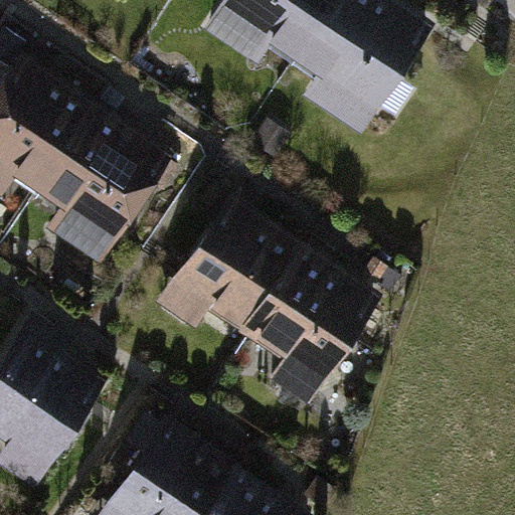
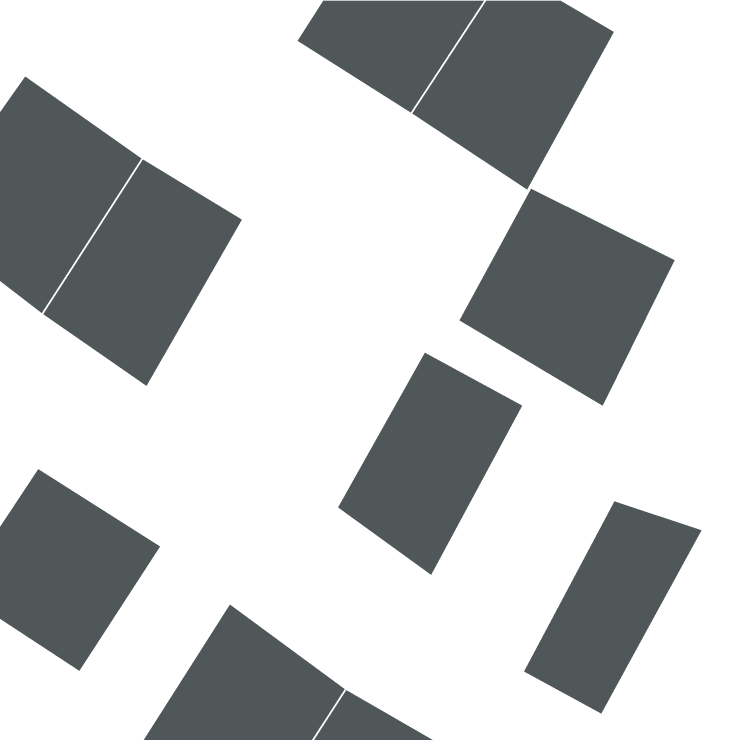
building: none -> [458,188,675,407]
building: [150,194,294,353] -> none
building: none -> [523,500,703,715]

